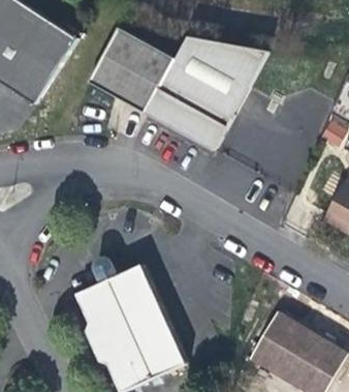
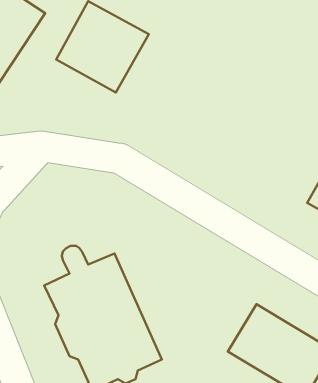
building: [145,37,267,151] -> none

